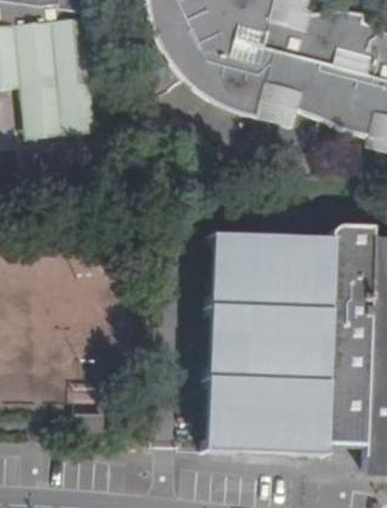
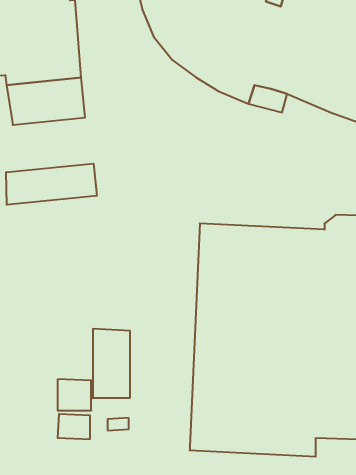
building: none -> [6,164,97,205]
building: none -> [93,329,130,398]

